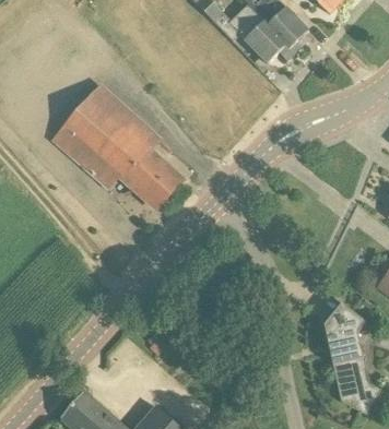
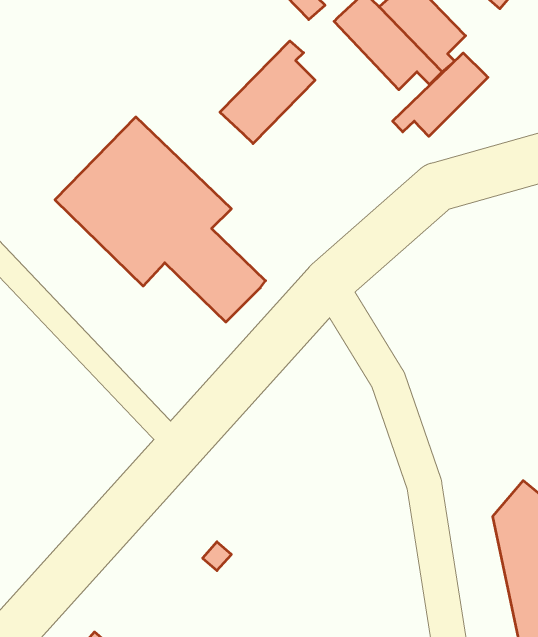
building: none -> [220,41,315,144]
building: none -> [393,53,488,136]

